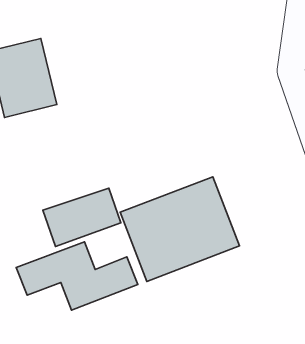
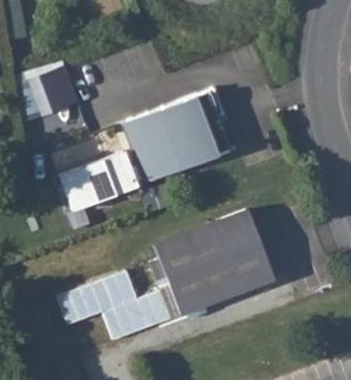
building: none -> [129,86,233,179]
building: [43,188,121,247] -> [59,155,139,214]

